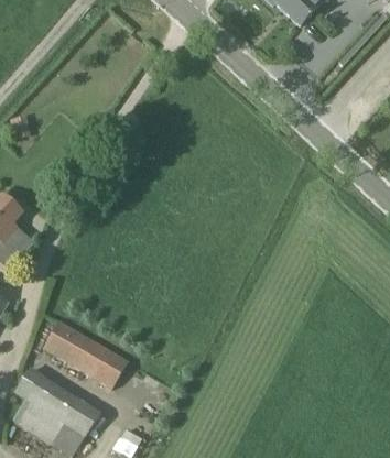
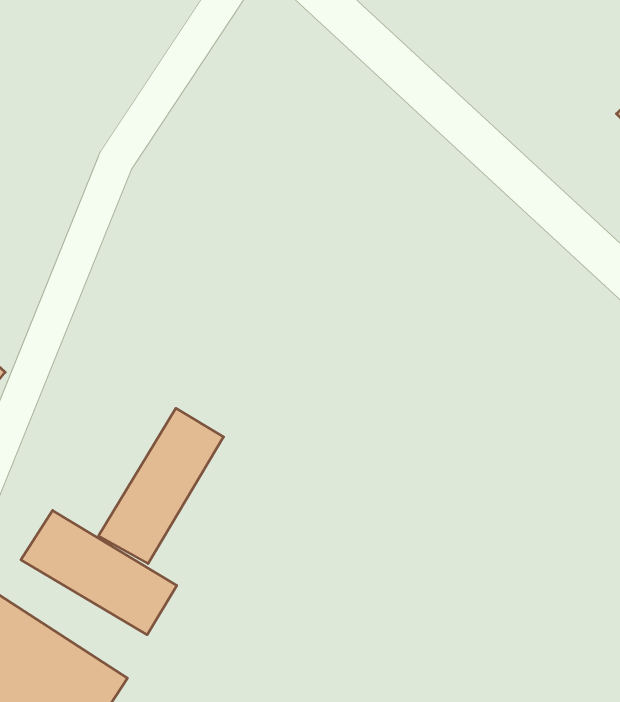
building: none -> [99,408,224,564]

